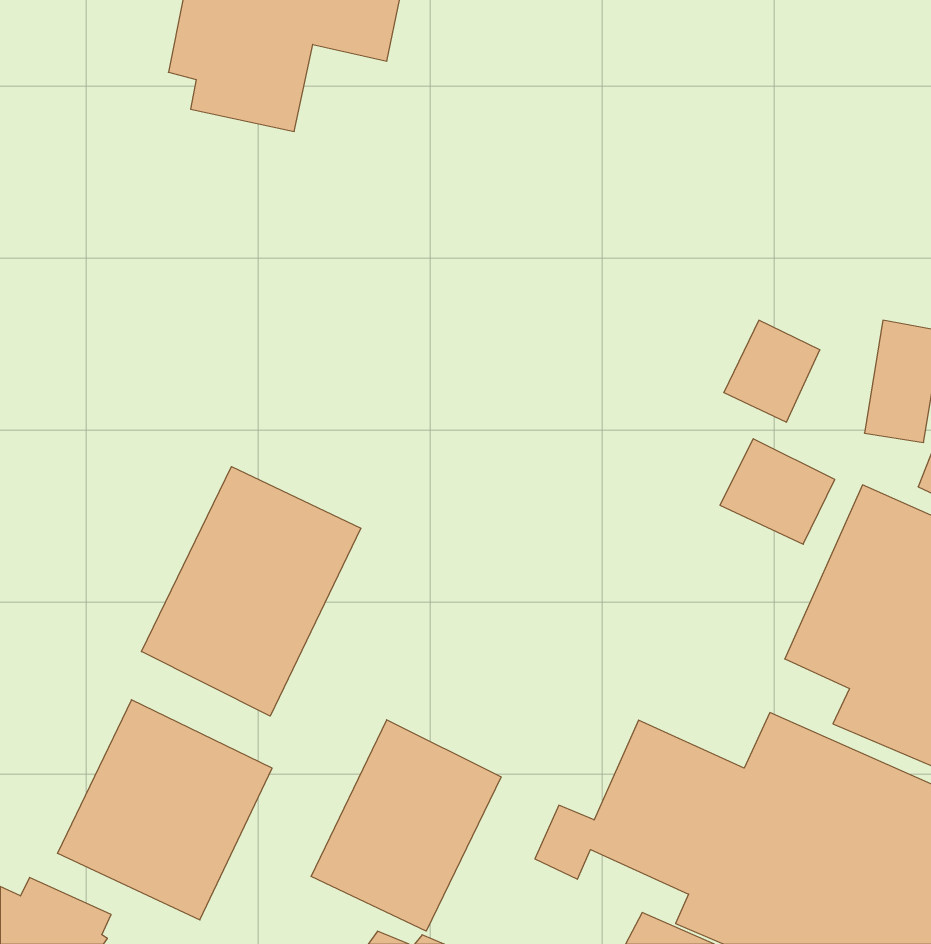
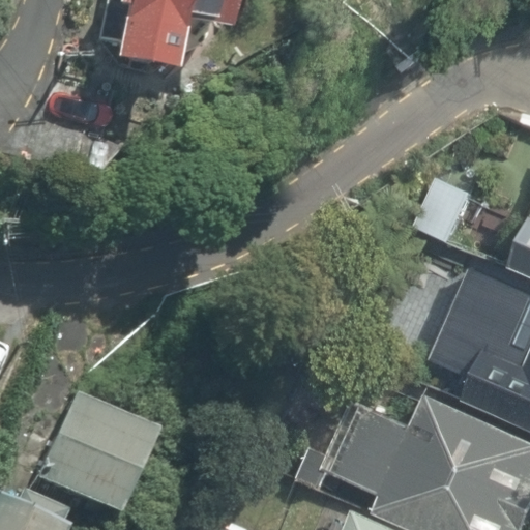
building: [141,467,361,716] -> none
building: [311,720,501,931] -> none

